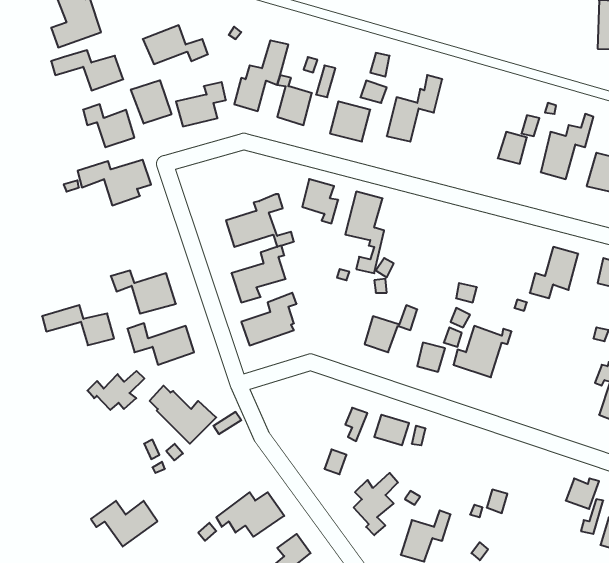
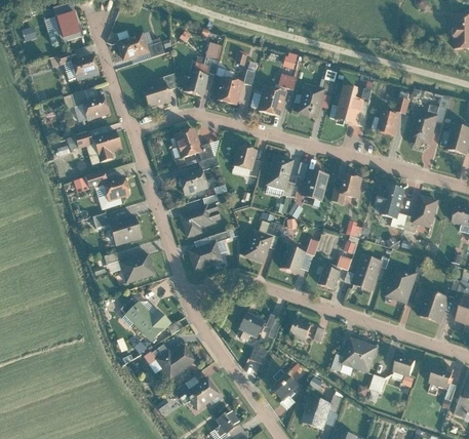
building: [131,80,171,124] -> none
building: none -> [337,80,375,125]
building: none -> [175,129,214,162]
building: none -> [298,163,329,201]
building: none -> [330,174,363,206]
building: none -> [375,186,406,230]
building: none -> [244,222,282,262]
building: [42,305,114,345] -> [75,171,128,201]
building: none -> [387,267,424,304]
building: [87,371,144,410] -> none
building: none -> [419,290,448,323]
building: none -> [237,313,265,340]
building: none -> [334,340,378,373]
building: none -> [392,355,417,388]
building: [91,501,157,547] -> [146,345,195,378]

